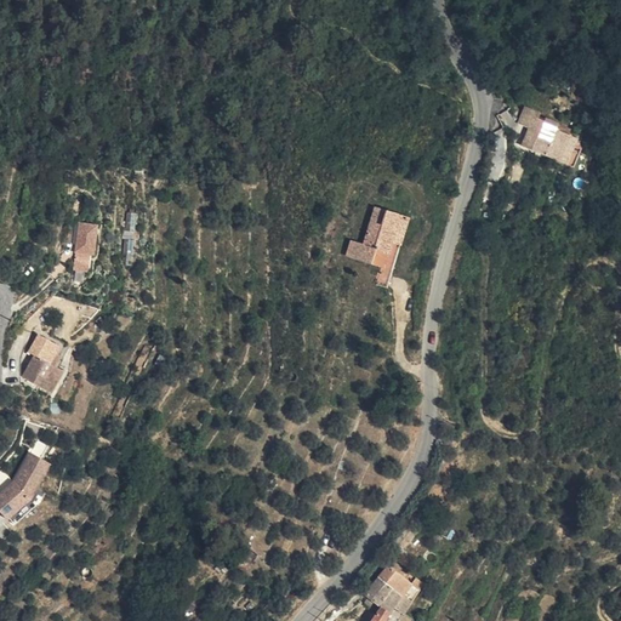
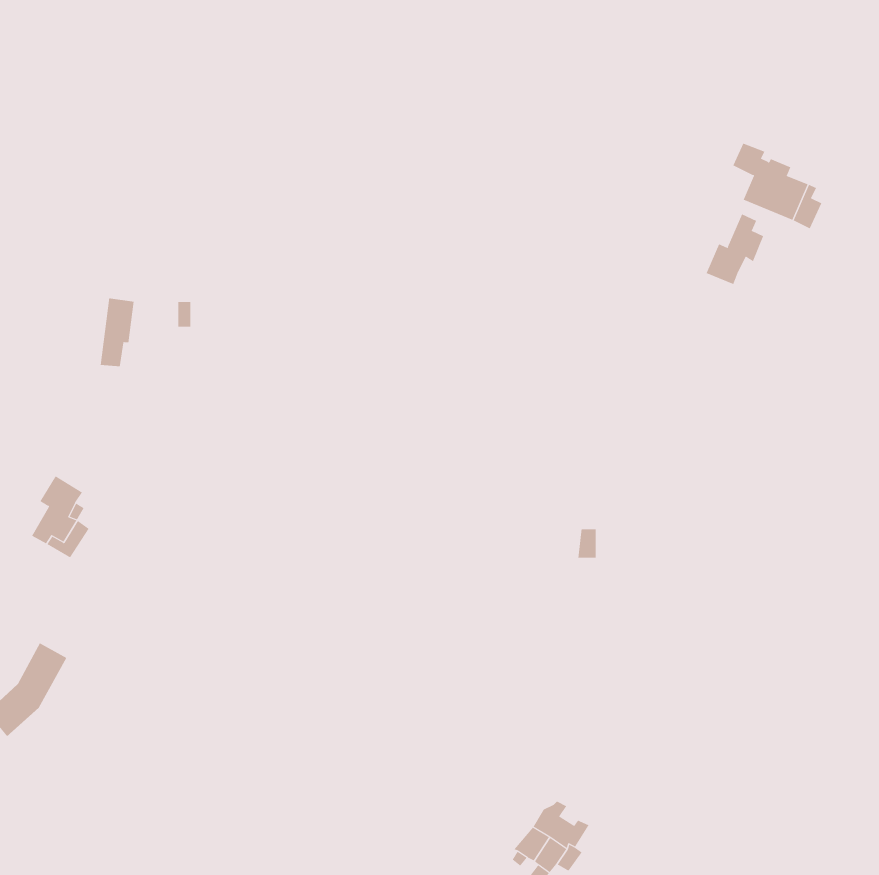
building: none -> [706,214,764,285]
building: [343,200,408,283] -> none

